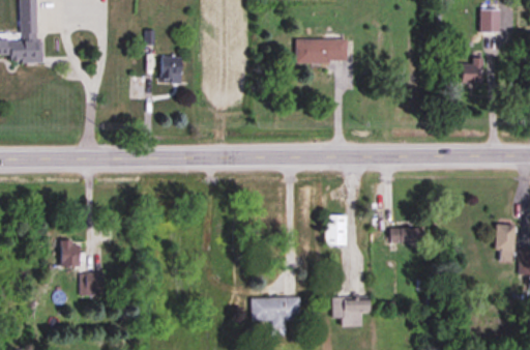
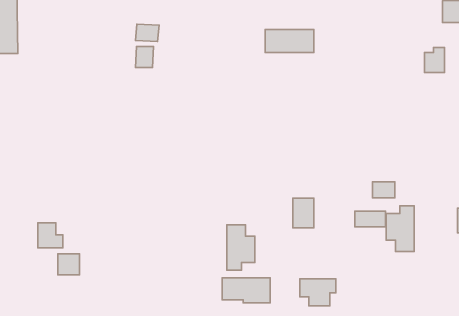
building: none -> [135,24,159,42]
building: none -> [372,182,395,198]
building: none -> [386,206,414,252]
building: none -> [227,225,255,270]

